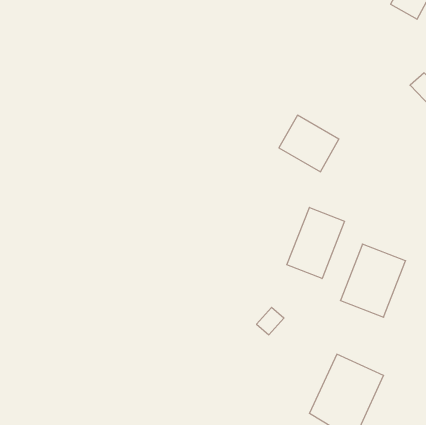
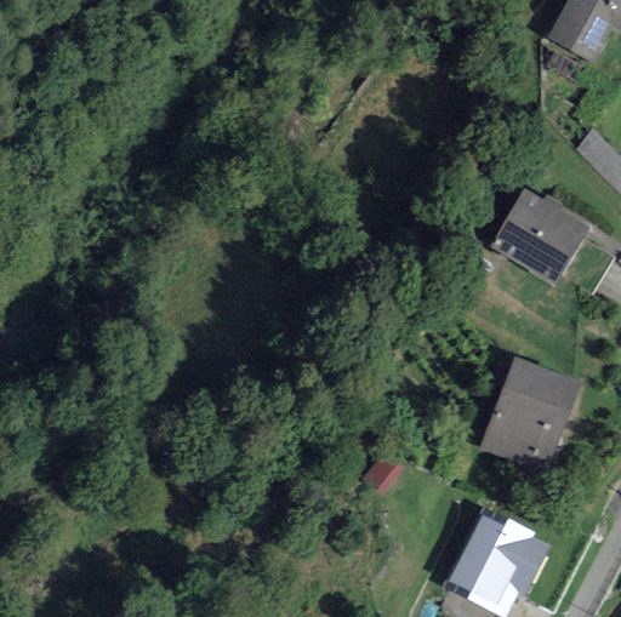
building: [279,115,339,172] -> [498,193,581,270]
building: [287,207,344,279] -> none

